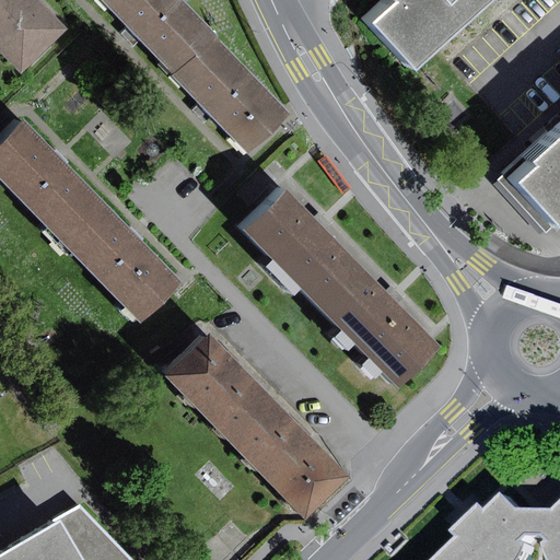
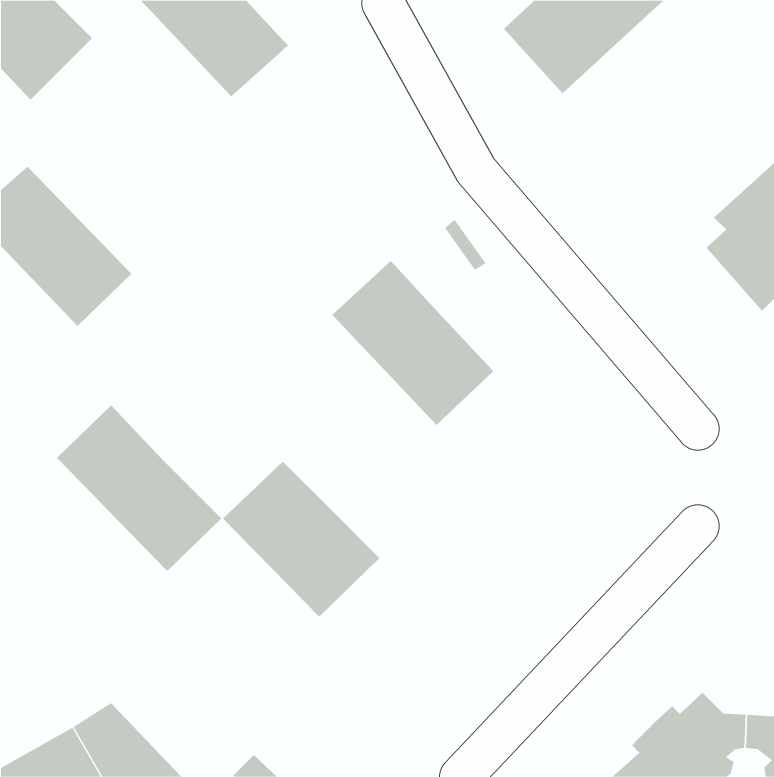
building: [168,33,283,149] -> none
building: [58,197,177,317] -> [56,404,222,572]
building: [316,267,433,386] -> none
building: [232,401,347,516] -> none

